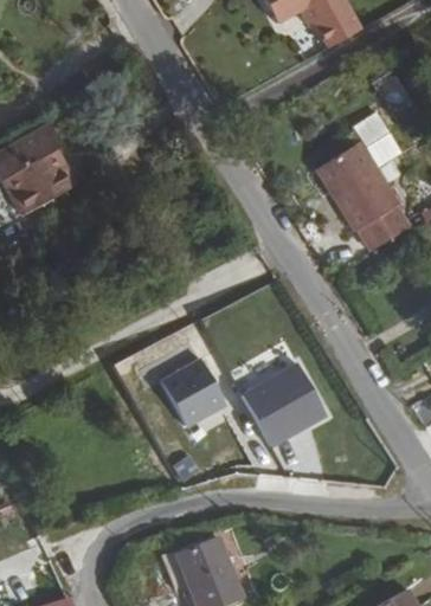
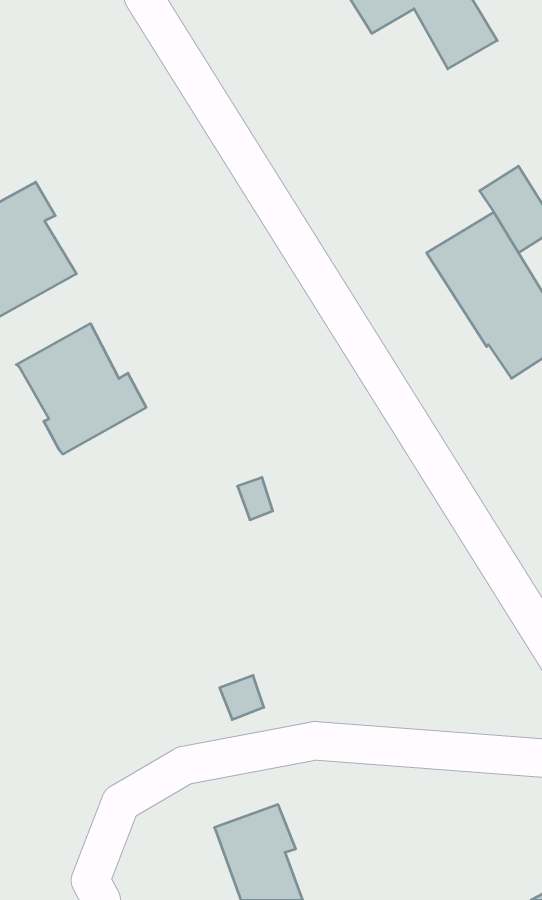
building: none -> [16,324,146,454]
building: [160,360,229,426] -> none
building: [242,365,326,446] -> none

